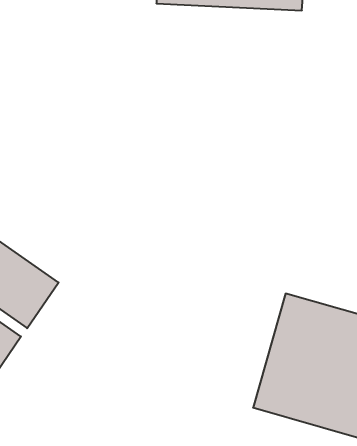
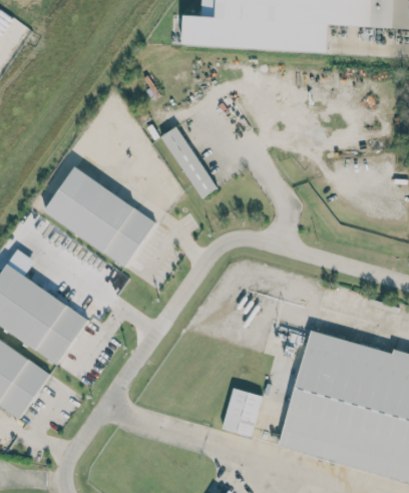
building: none -> [160,126,216,196]
building: none -> [44,165,154,266]
building: none -> [223,388,262,436]

